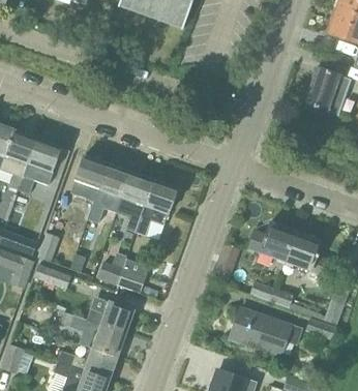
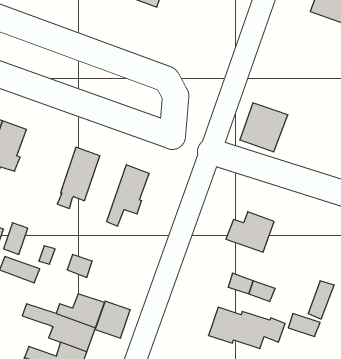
building: [303,67,349,114] -> [240,103,288,152]
building: [70,154,106,201] -> none
building: [114,170,153,232] -> none
building: [282,232,328,275] -> none
building: [116,258,149,293] -> [95,301,130,338]

